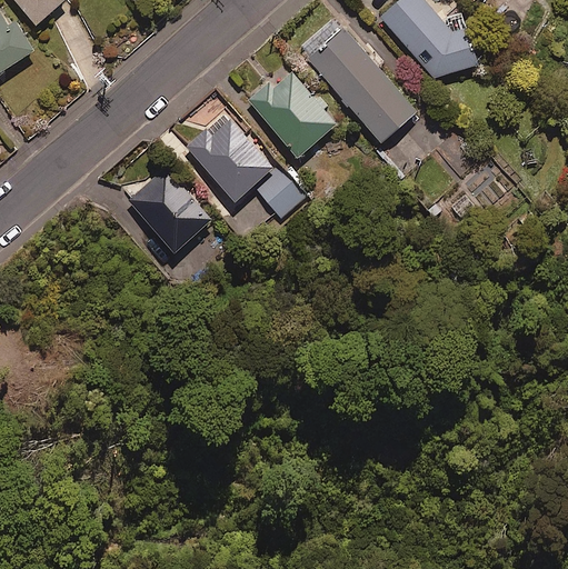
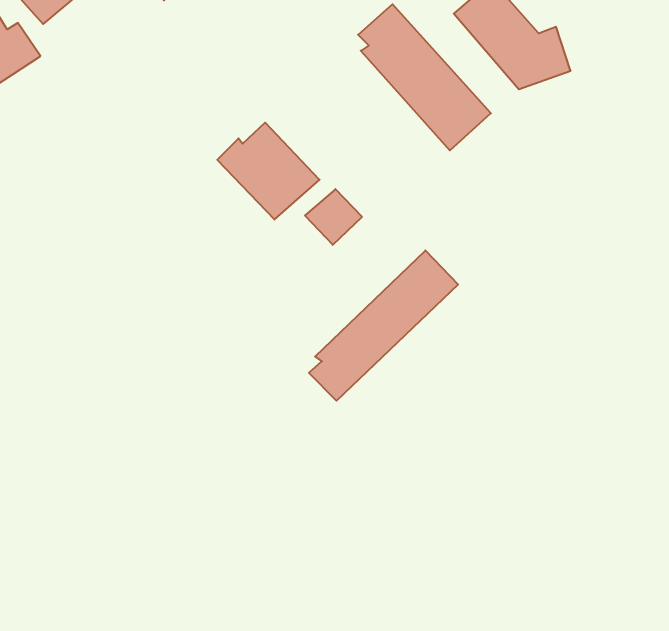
building: [249,69,333,153] -> none
building: [128,167,209,250] -> none
building: none -> [309,250,458,401]

